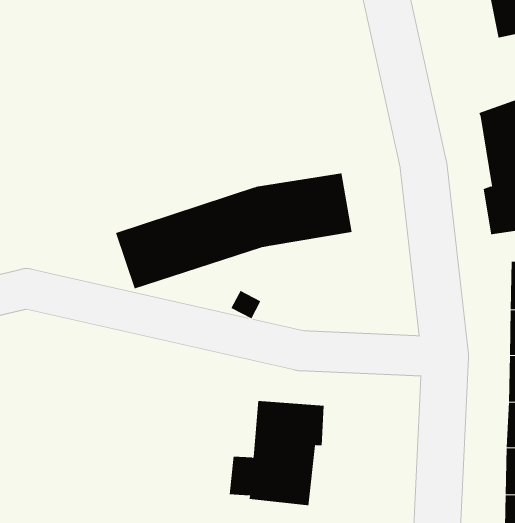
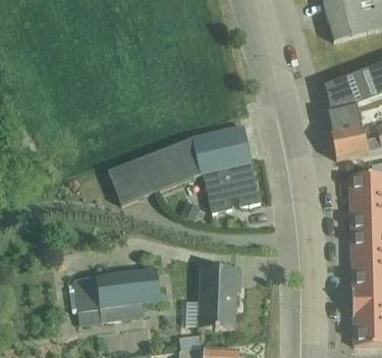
building: none -> [202,162,260,212]
building: none -> [72,268,164,324]

